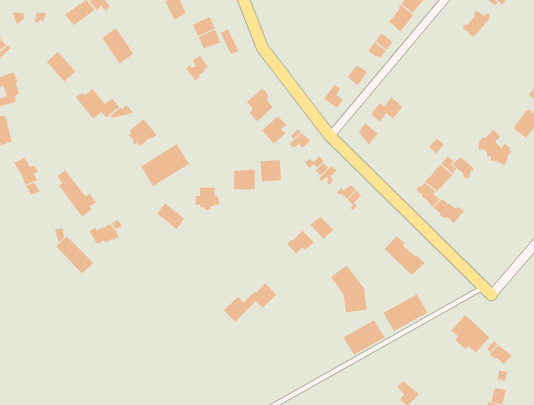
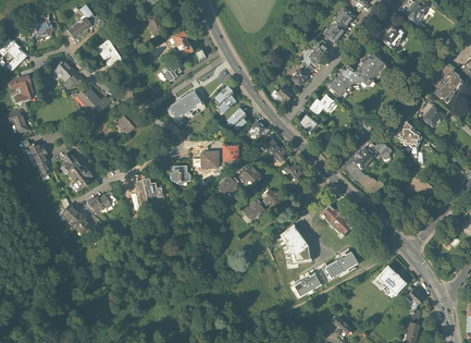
building: none -> [327,51,388,99]
building: [140,143,190,187] -> [164,90,203,125]
building: [223,282,277,322] -> [218,166,260,197]

